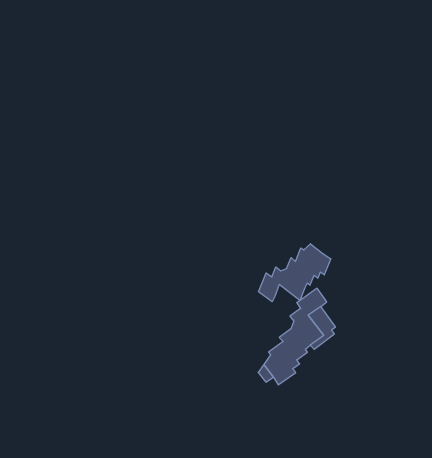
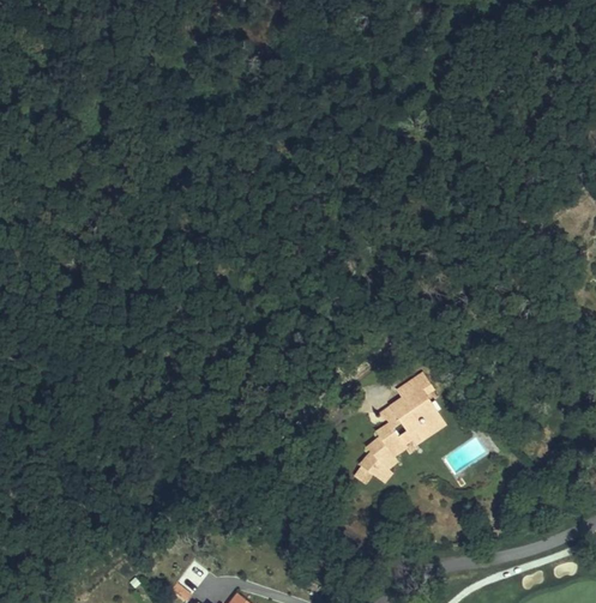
building: [259,244,331,302] -> none

